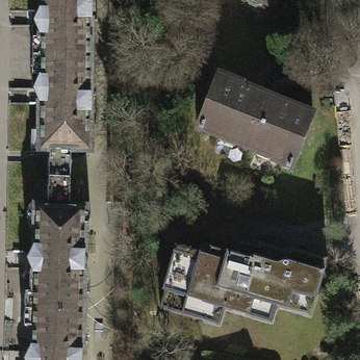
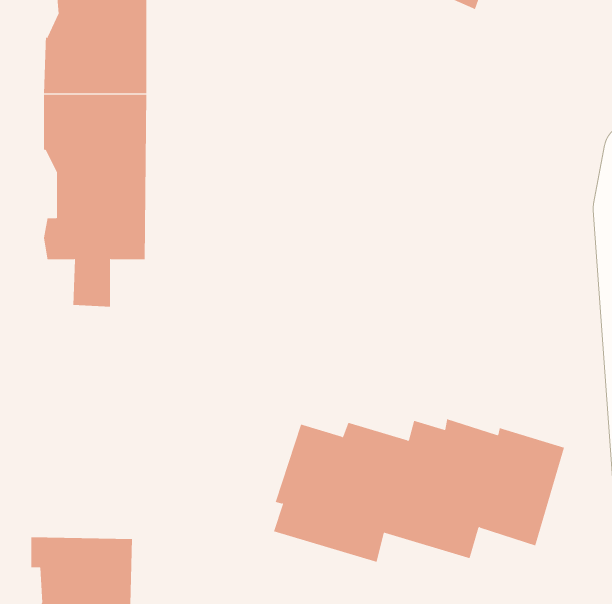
building: [199,71,315,166] -> none
building: [23,175,88,308] -> none

